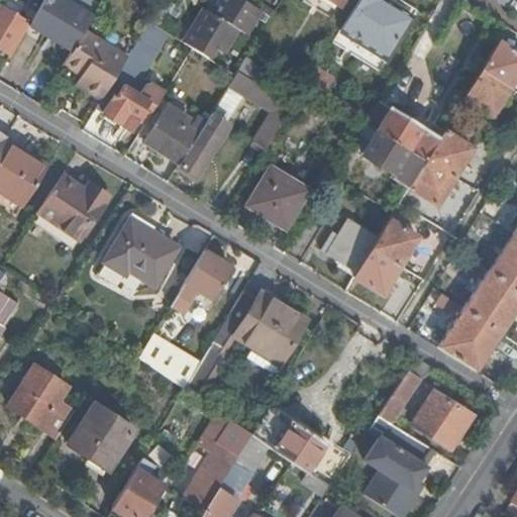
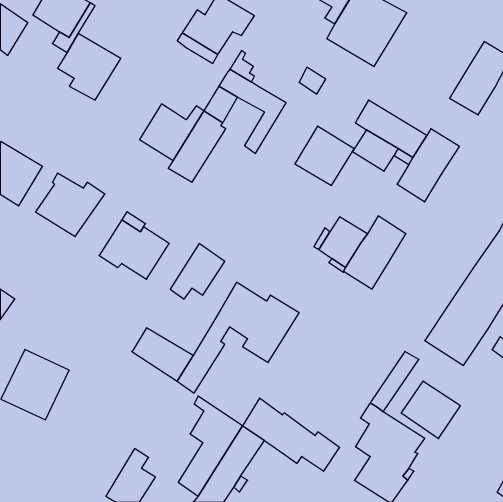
building: [96,21,170,130] -> none
building: [249,168,310,228] -> [295,126,354,185]
building: [69,404,135,471] -> none

